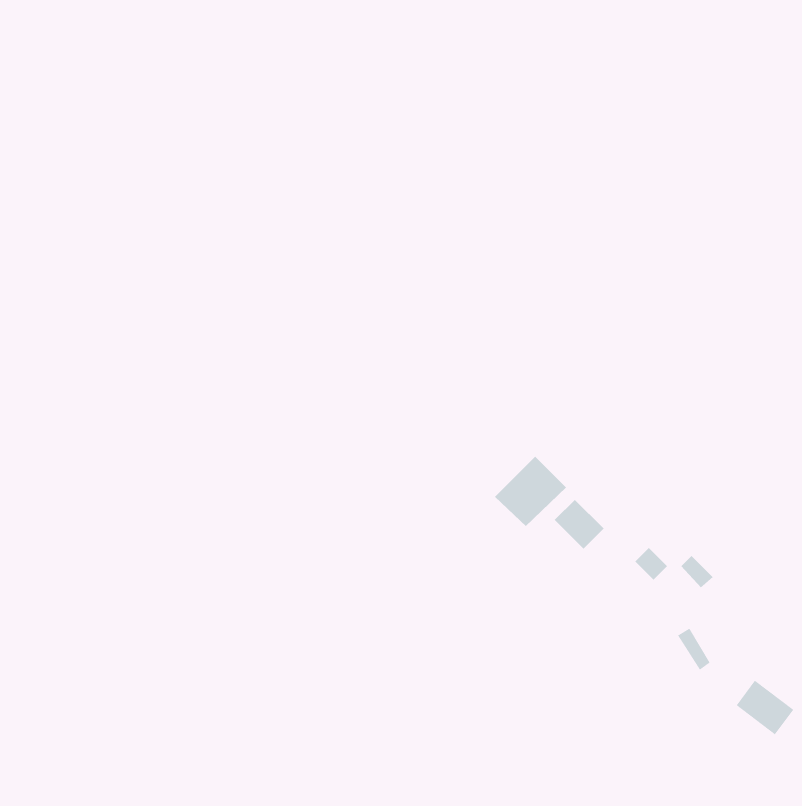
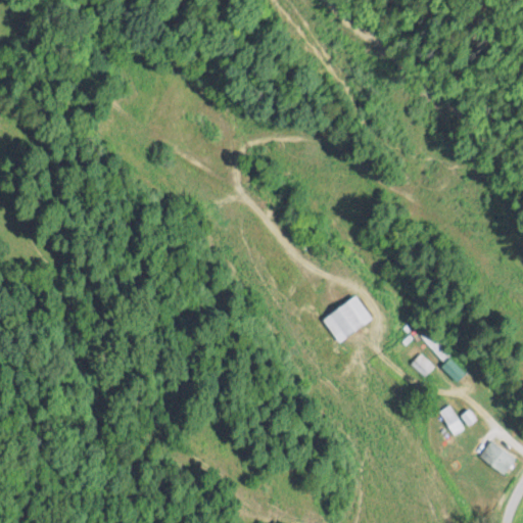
building: [554,499,604,549] -> none

